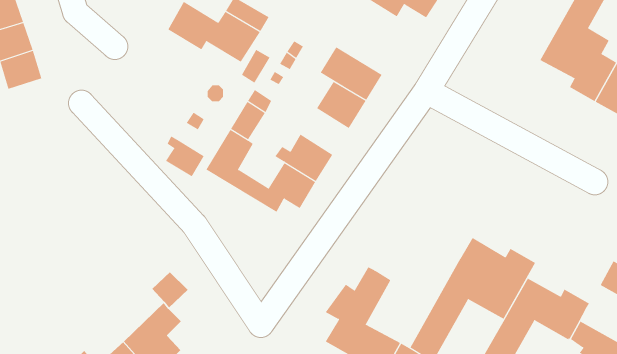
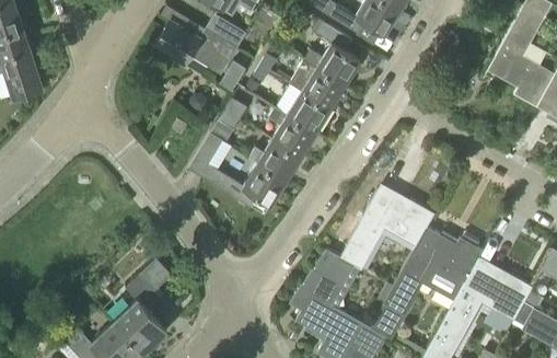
building: none -> [304,23,360,84]
building: none -> [268,106,316,155]
building: [165,136,204,177] -> none
building: none -> [339,192,433,272]

